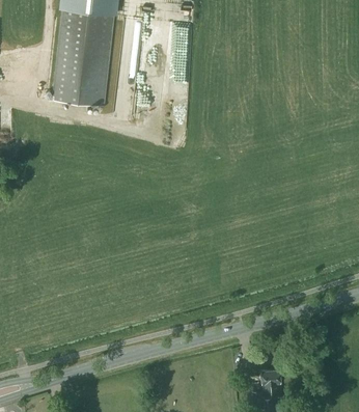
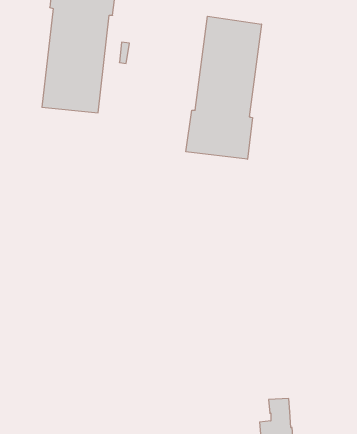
building: none -> [186,16,261,159]

